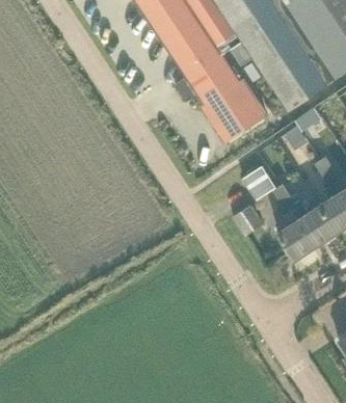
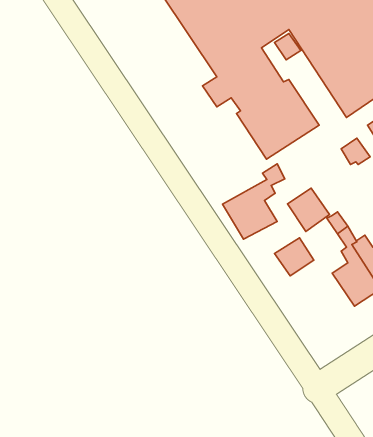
building: none -> [223,164,285,239]

